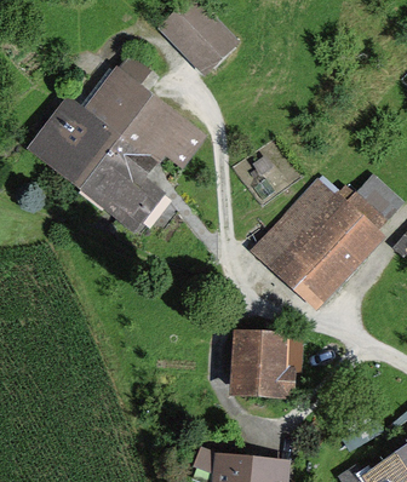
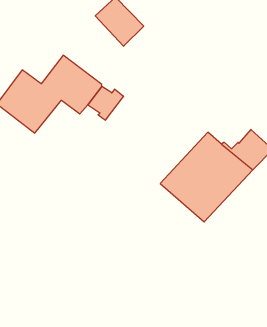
building: [86,139,159,220] -> none
building: [231,325,298,394] -> none

